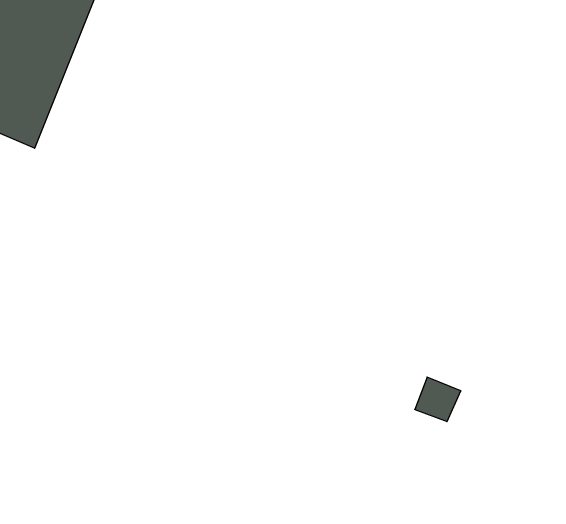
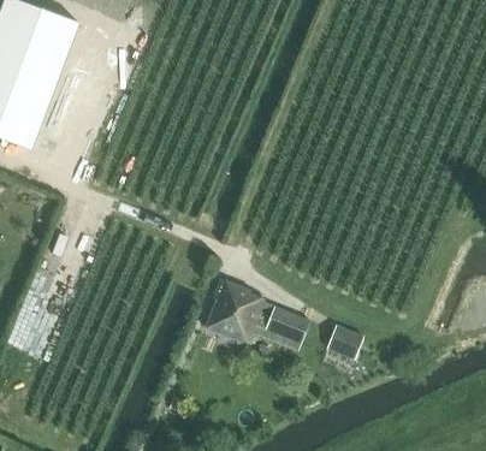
building: none -> [206,279,308,349]

